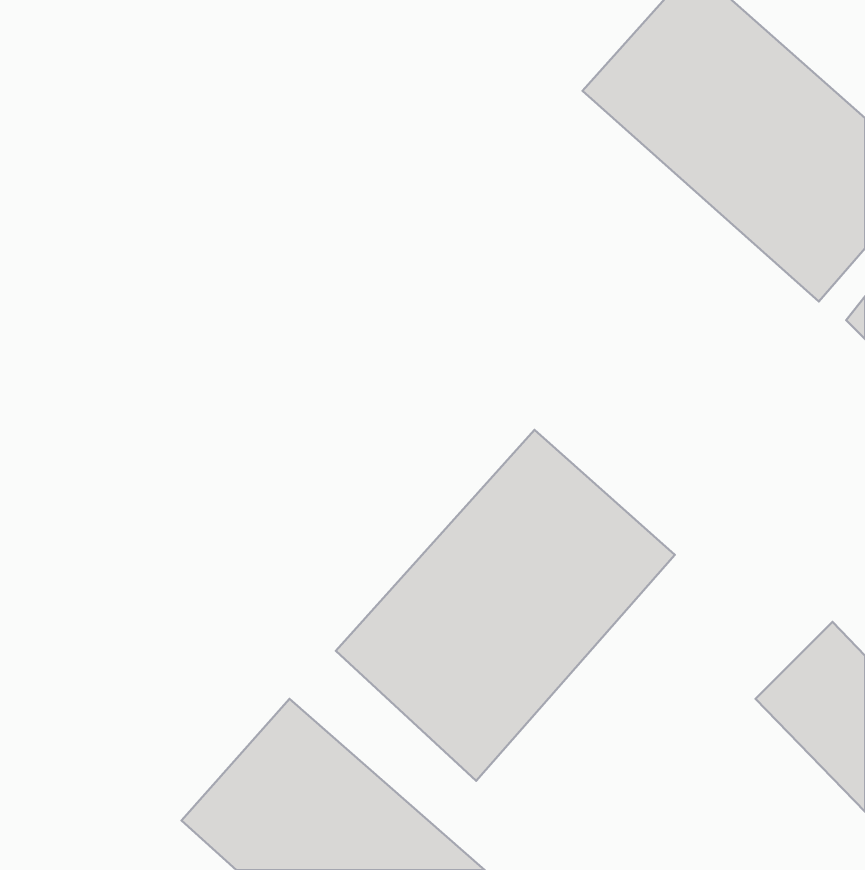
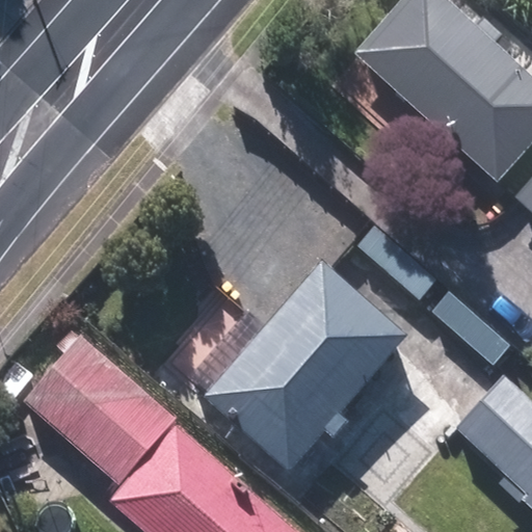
building: none -> [24,335,179,484]

